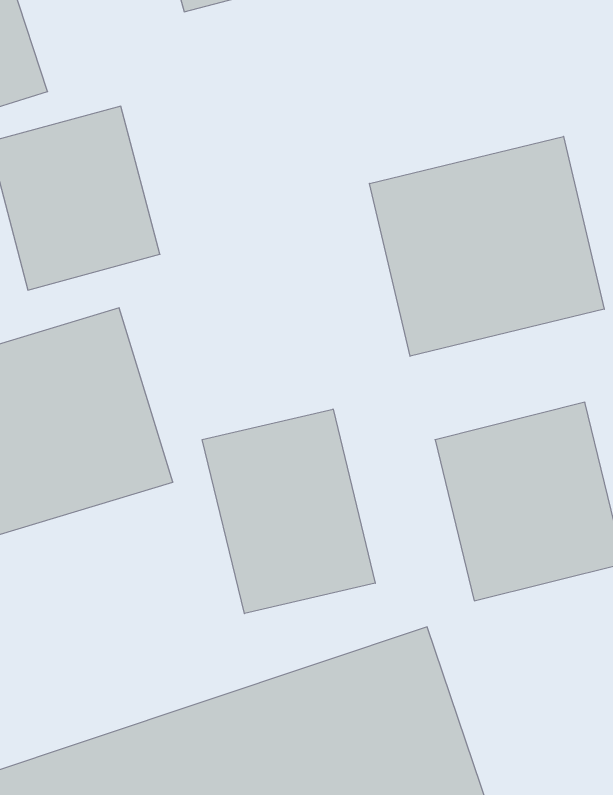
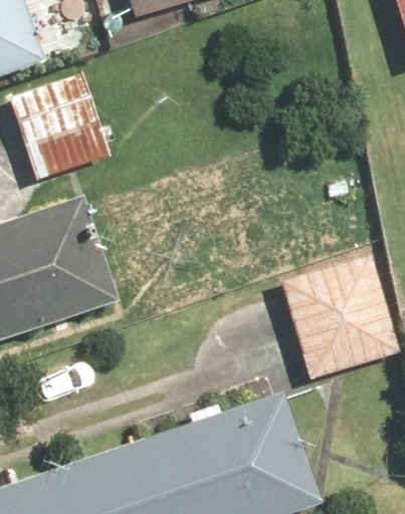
building: [369,136,604,356] -> none
building: [202,409,375,614] -> none

